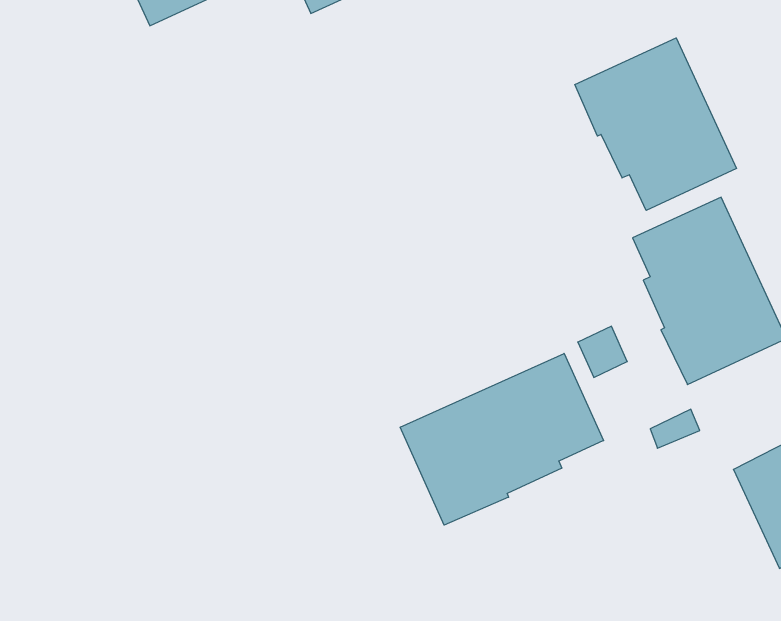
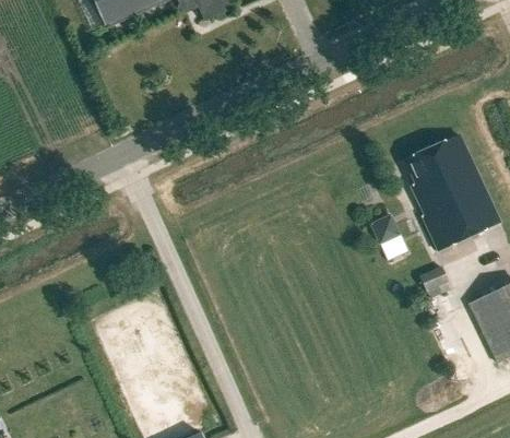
building: [575,38,737,210] -> none
building: [400,353,604,525] -> none

